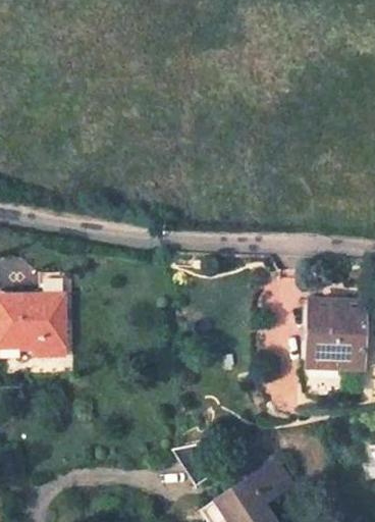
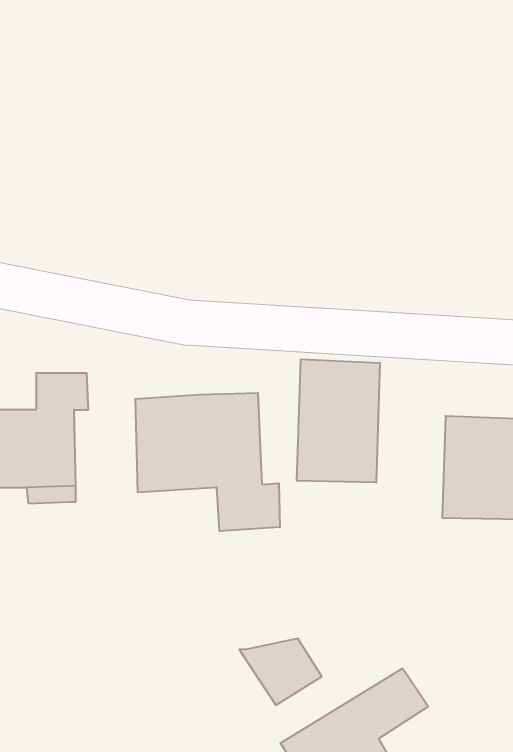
building: none -> [297,359,380,483]
building: none -> [135,393,280,531]

